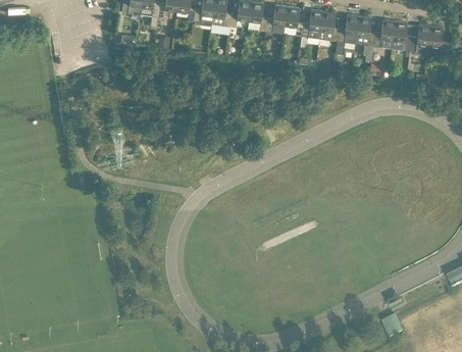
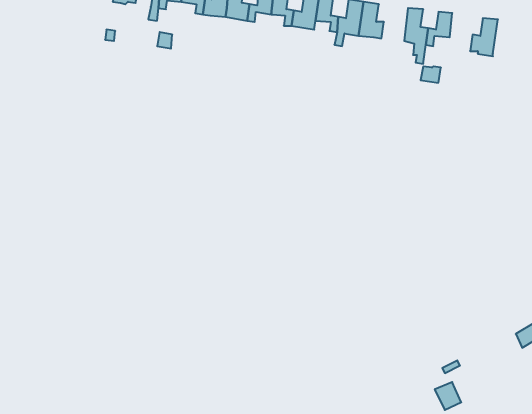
building: [337,13,360,53] -> none
building: [393,19,412,50] -> none
building: [428,24,454,55] -> none

